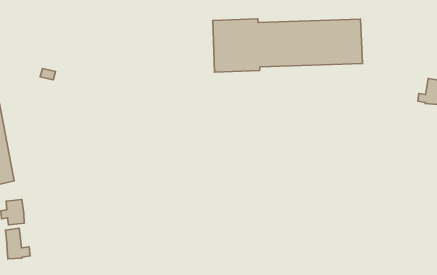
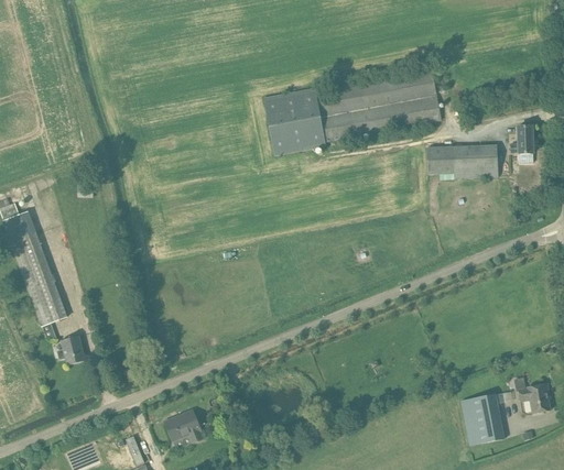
building: none -> [426,144,498,177]
building: [5,228,30,259] -> none

